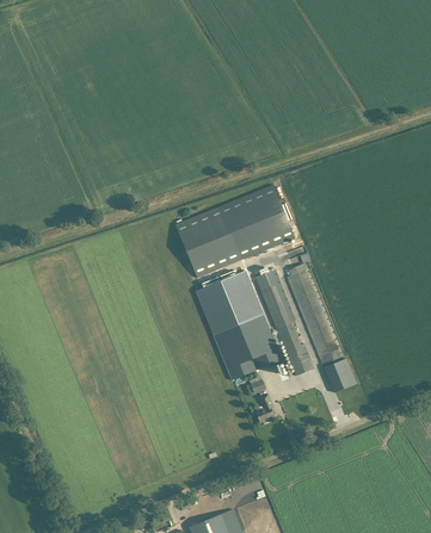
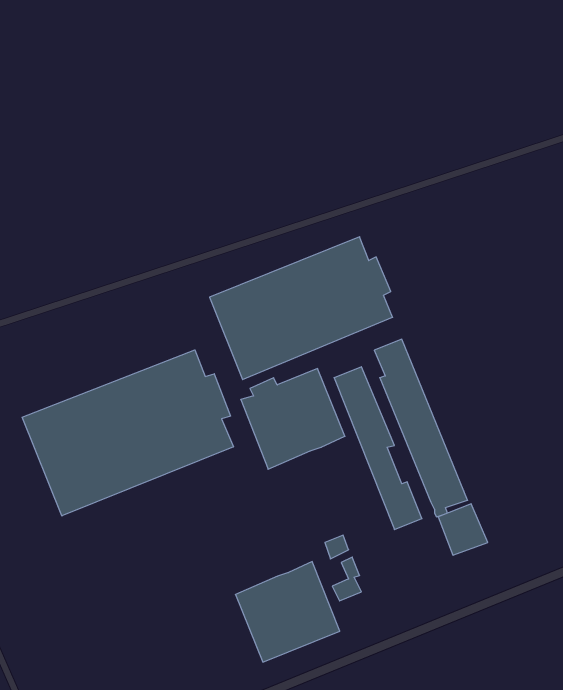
building: none -> [22,350,233,516]
building: [214,315,282,380] -> [235,562,340,662]

